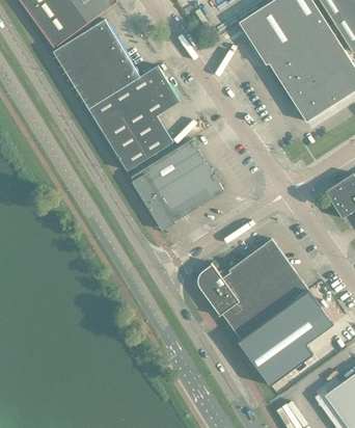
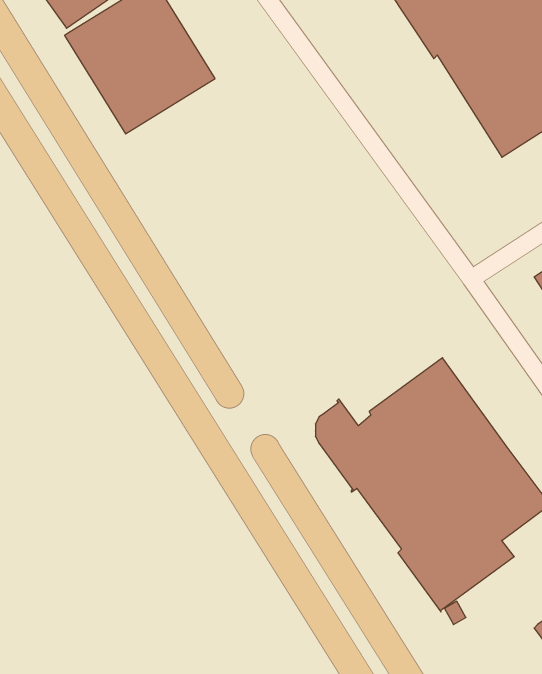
building: [88,64,181,170] -> none
building: [131,138,223,231] -> none

